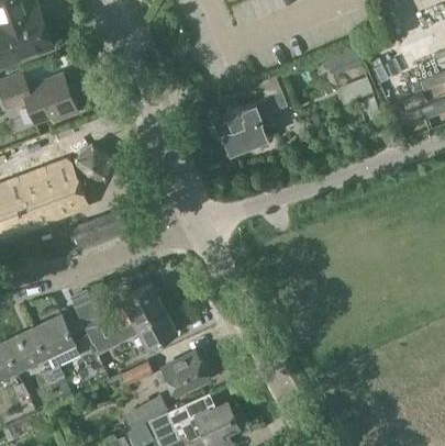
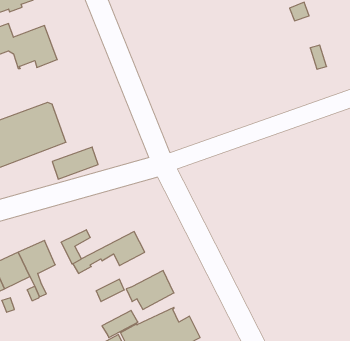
building: [213,91,286,152] -> none
building: [75,147,111,180] -> none
building: [122,283,164,323] -> none

